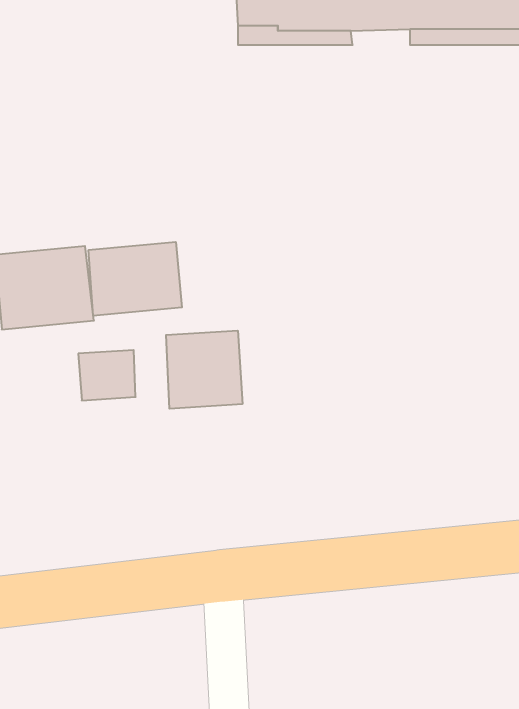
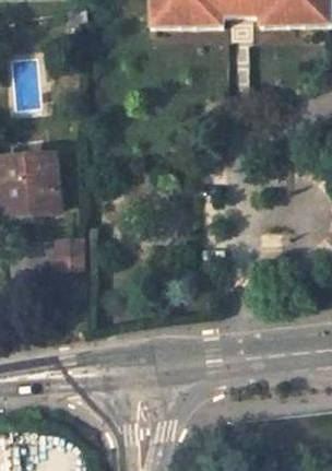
building: [89,242,182,316] -> none
building: [166,331,242,409] -> none

